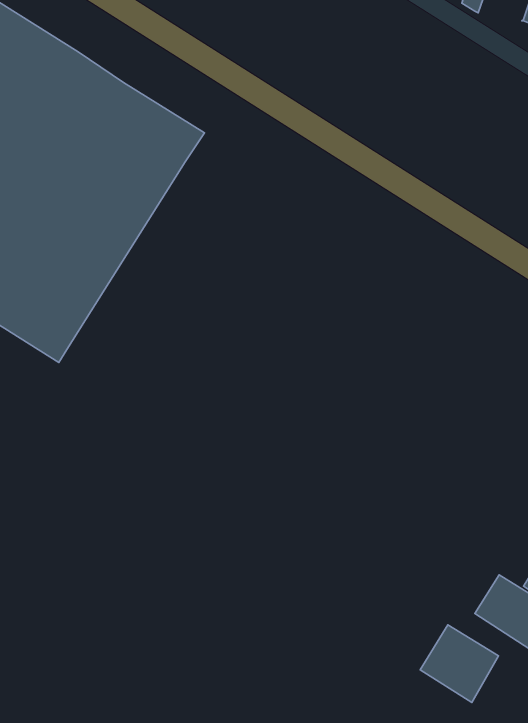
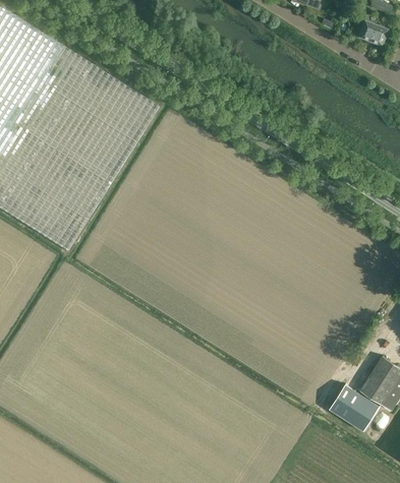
building: [420,625,499,702] -> none

